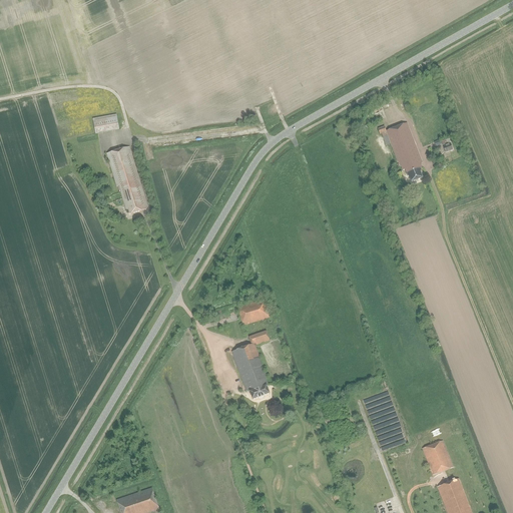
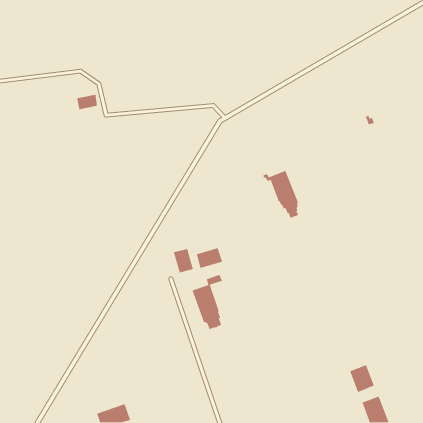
building: [378,122,422,181] -> [263,170,299,219]
building: [106,146,147,214] -> none
building: none -> [173,248,194,274]

